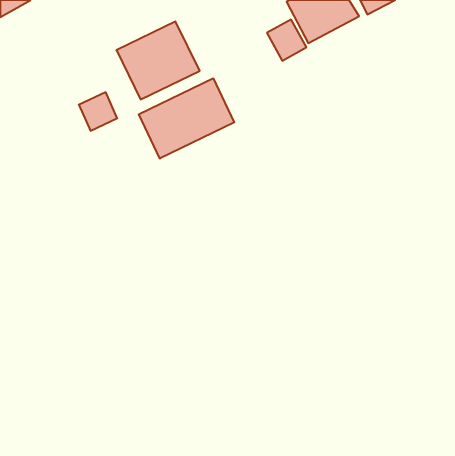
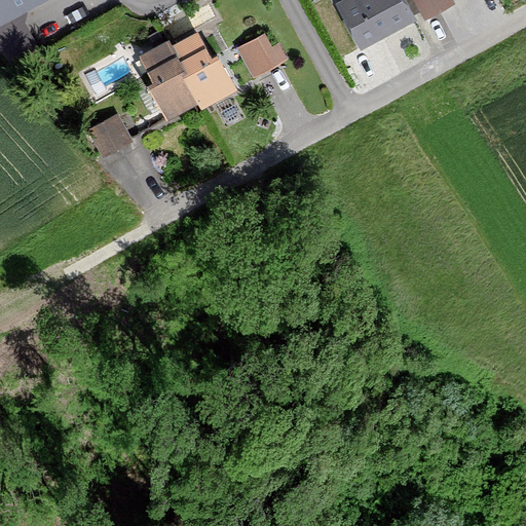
building: [267,20,306,61] -> [237,29,283,76]
building: [139,78,234,159] -> none

